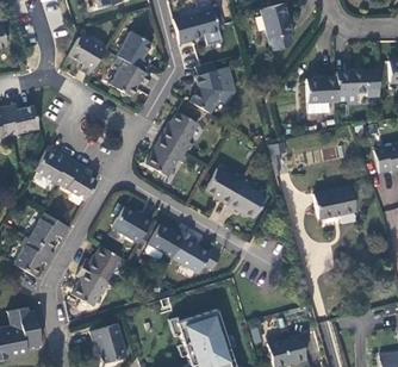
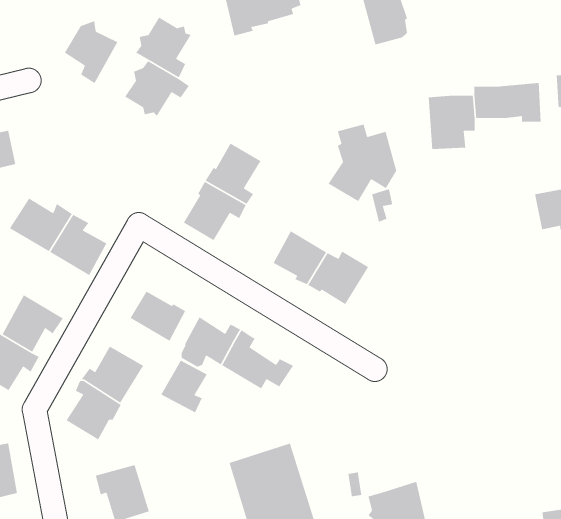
building: [189,62,235,113] -> [328,123,397,202]
building: [313,186,356,219] -> none
building: none -> [160,360,208,414]

